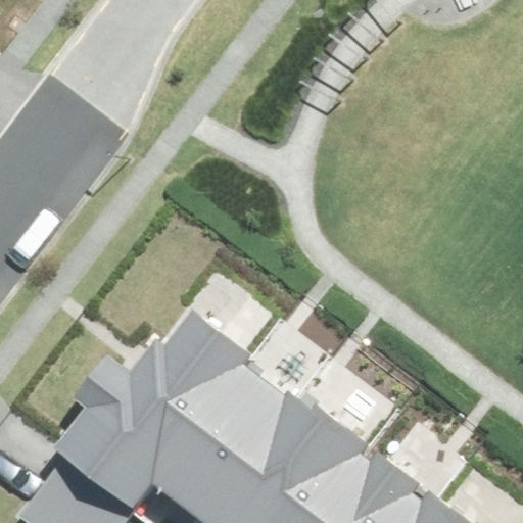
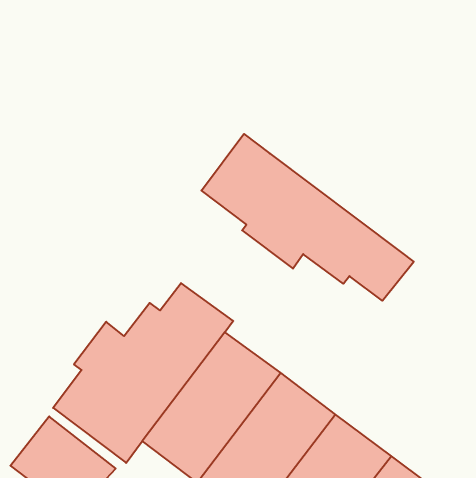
building: none -> [201,134,414,301]

